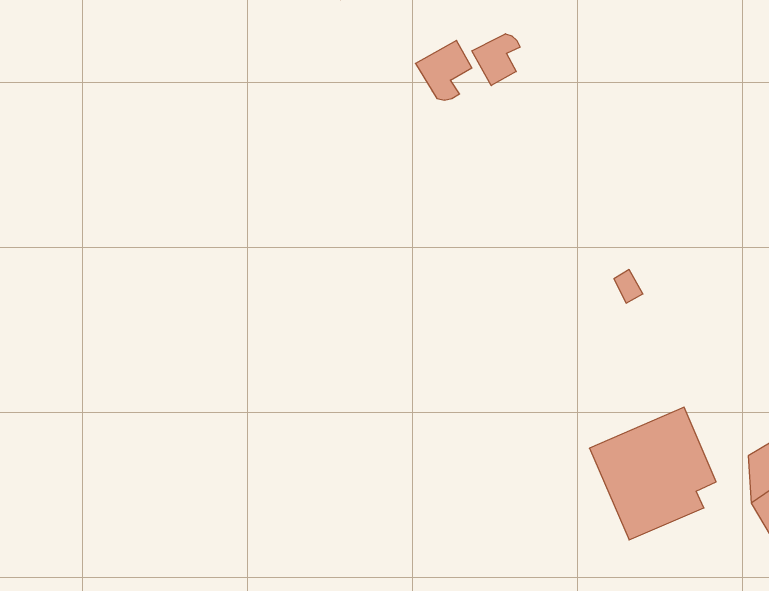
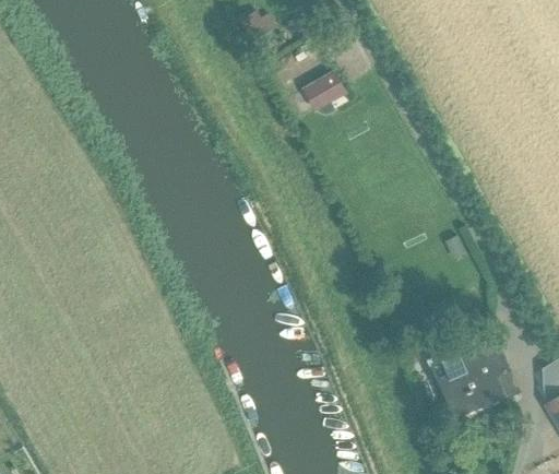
building: [472,34,520,86] -> none

